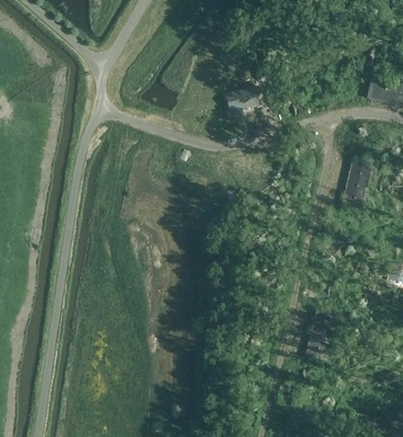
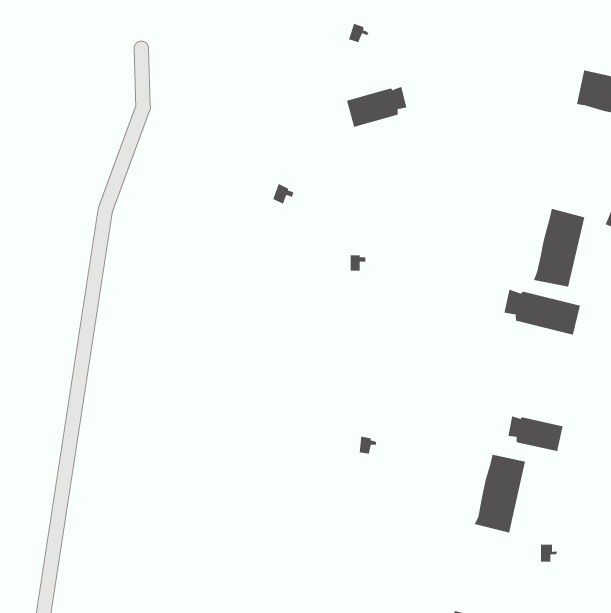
building: none -> [504,289,580,336]
building: none -> [508,415,563,452]

